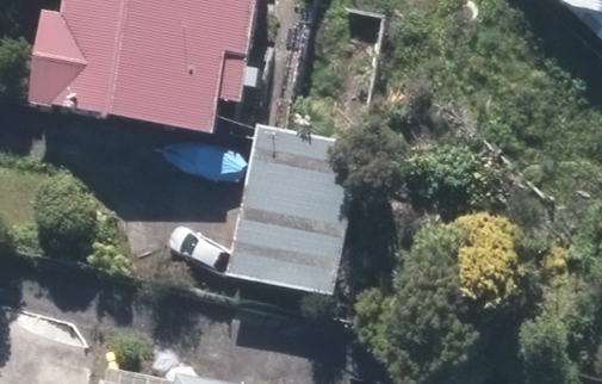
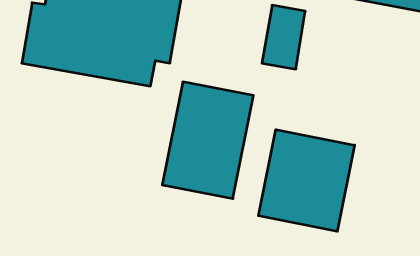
building: none -> [258,130,355,231]

